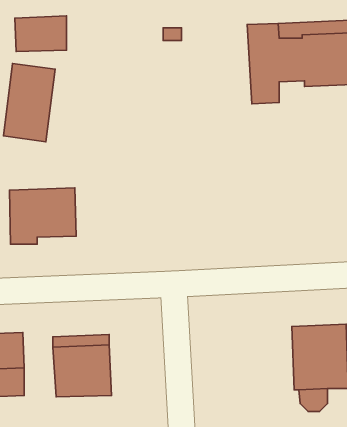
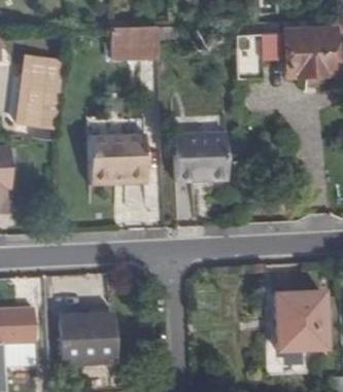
building: [15,16,67,51] -> [110,28,157,60]
building: none -> [174,133,227,182]
building: [9,188,76,244] -> [87,134,146,184]

